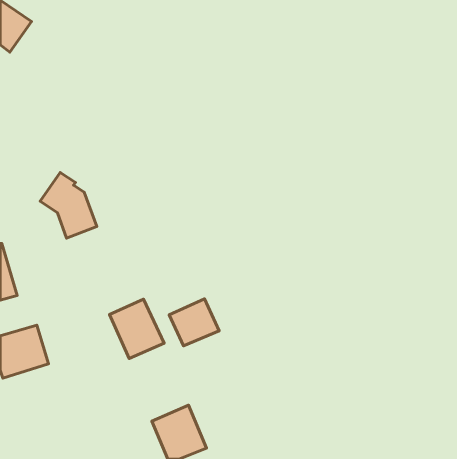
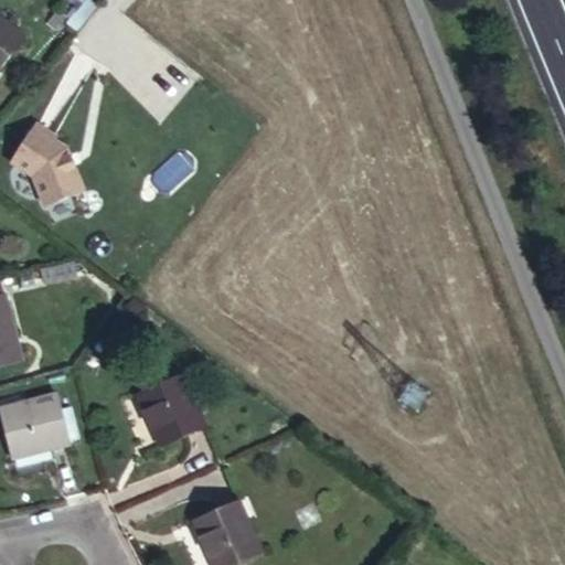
building: [40,172,97,238] -> [17,128,86,209]
building: [169,299,219,346] -> none

